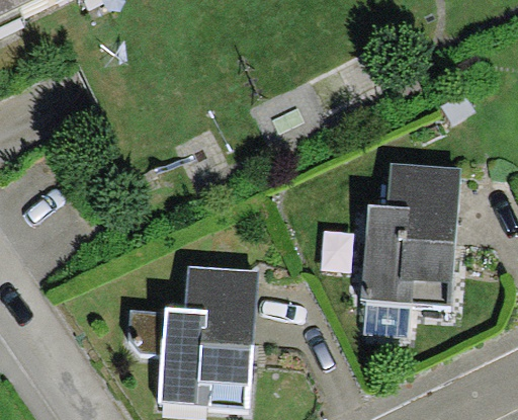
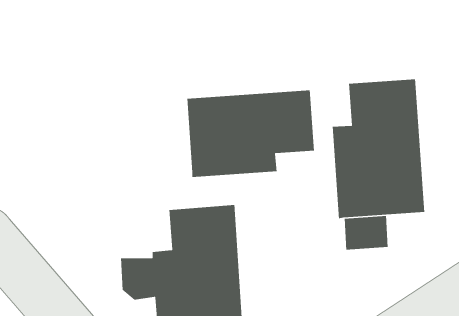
building: none -> [186,90,315,178]

